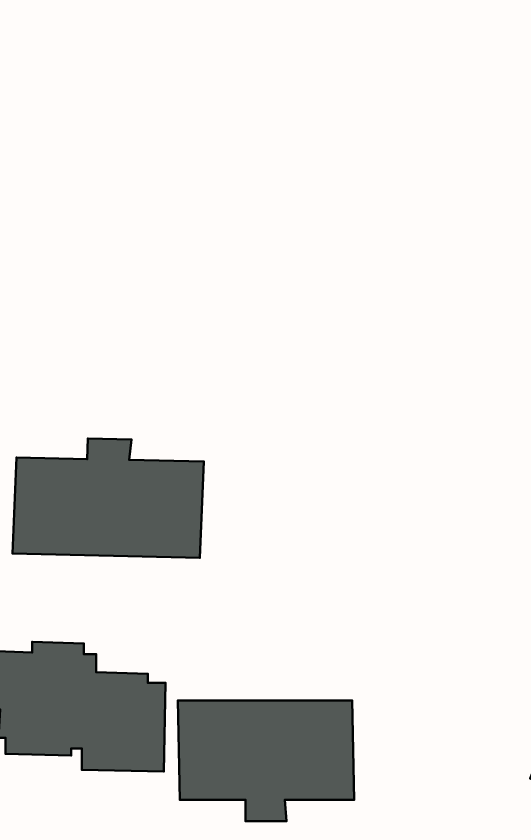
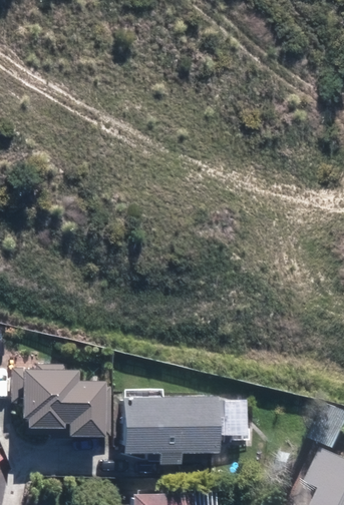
building: [13,438,204,558] -> none

